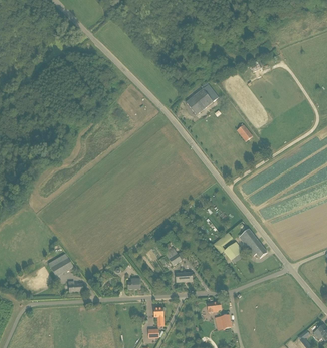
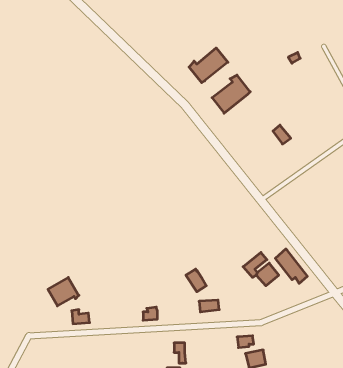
building: none -> [189,48,228,83]

